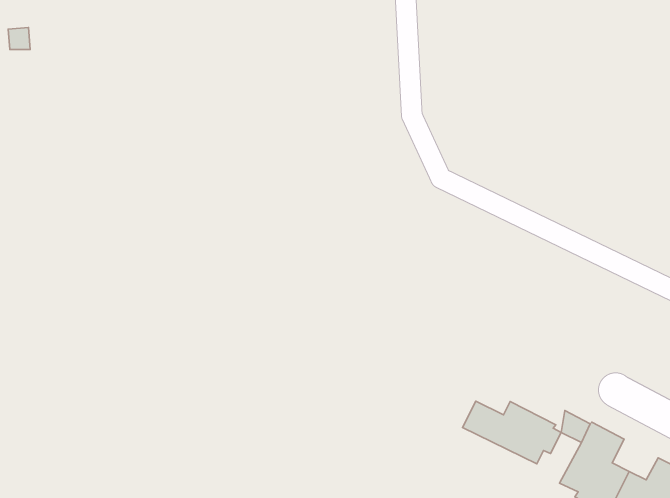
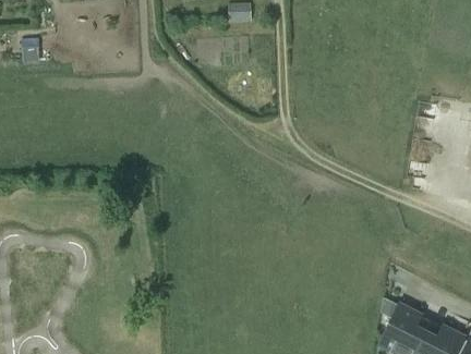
building: [462,401,561,464] -> none

